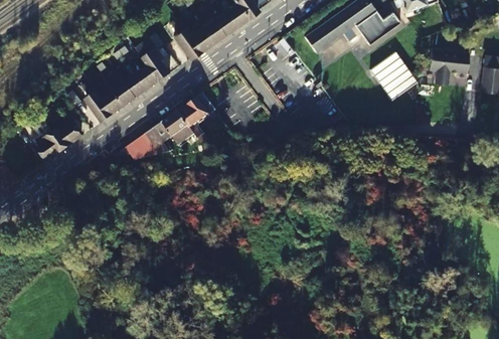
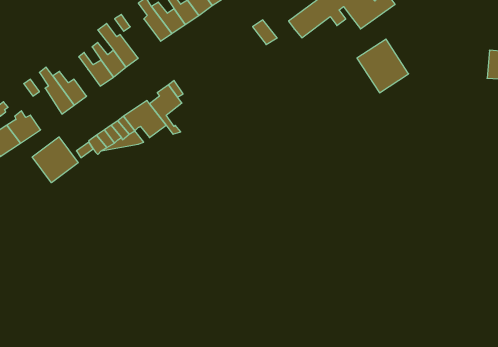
building: [432,50,471,86] -> none
building: [106,76,137,108] -> none
building: none -> [32,137,78,183]

